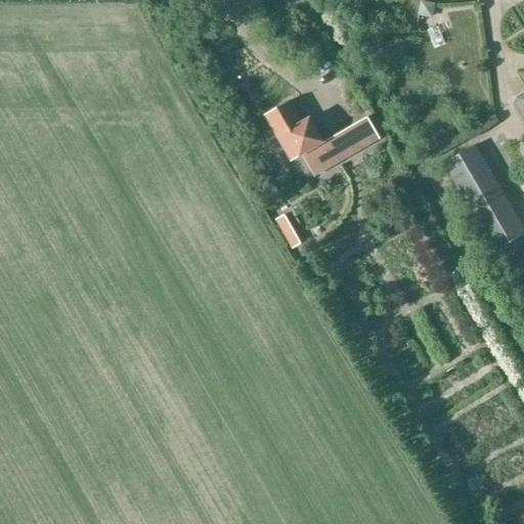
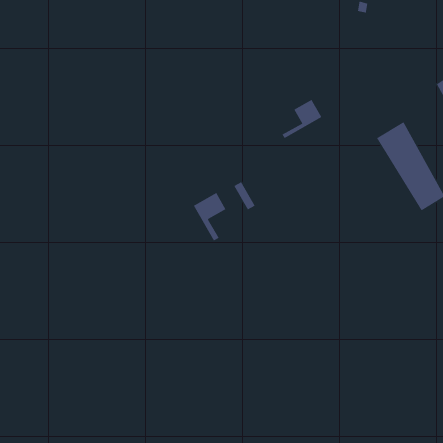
building: [265,101,331,166] -> none
building: none -> [193,192,226,241]

